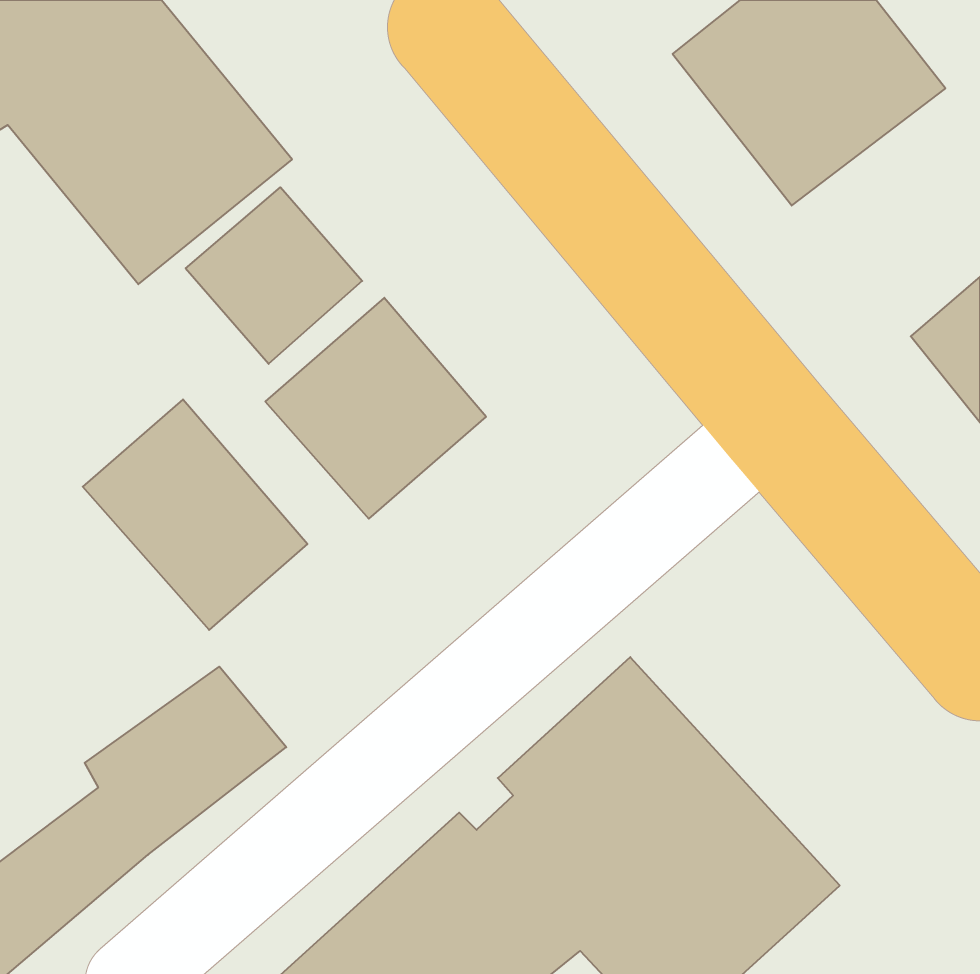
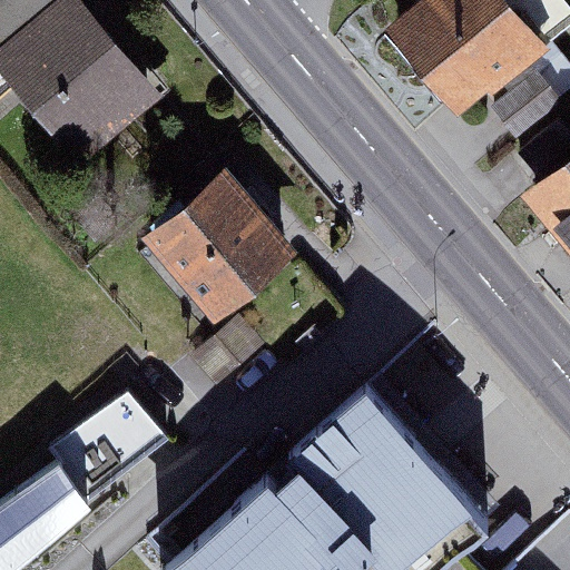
building: [186,187,362,364] -> none
building: [83,399,307,630] -> none

